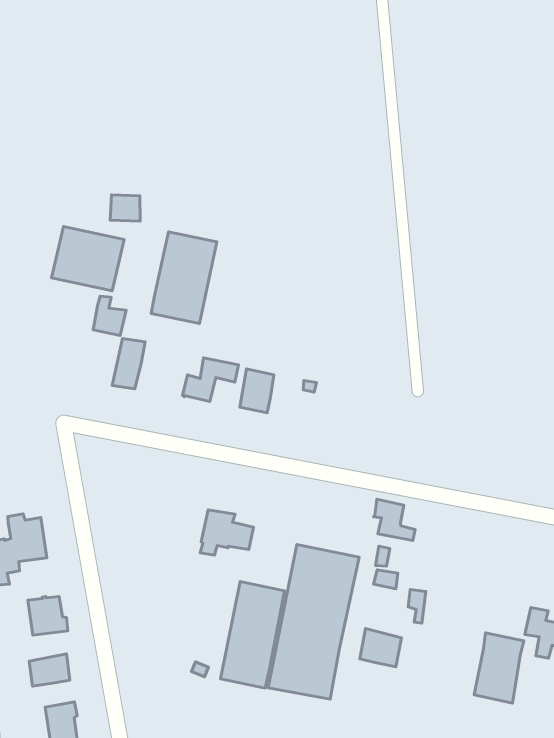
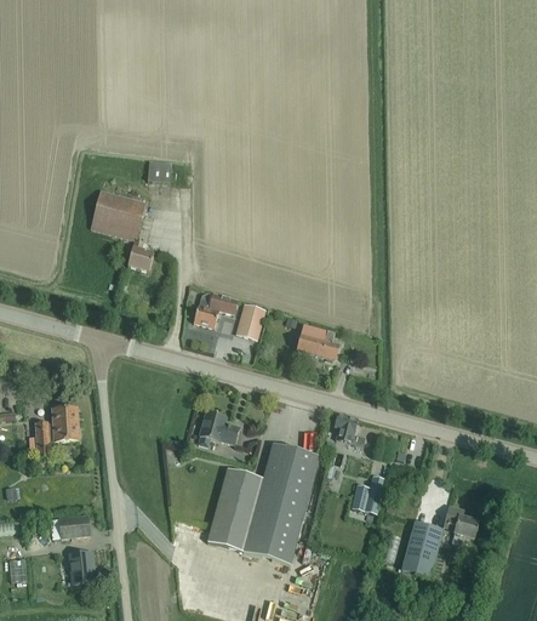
building: [151,232,217,324] -> none
building: [112,338,145,389] -> none
building: none -> [297,325,338,360]
building: [28,596,68,635] -> none
building: [360,628,401,667] -> none

